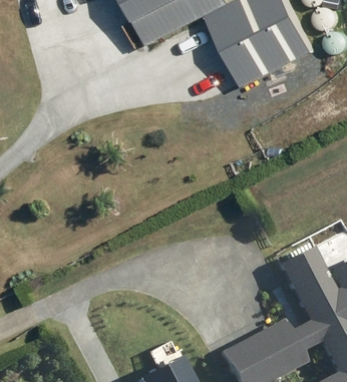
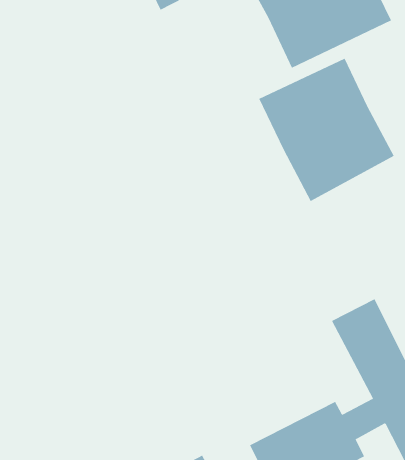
building: none -> [259,58,395,202]

